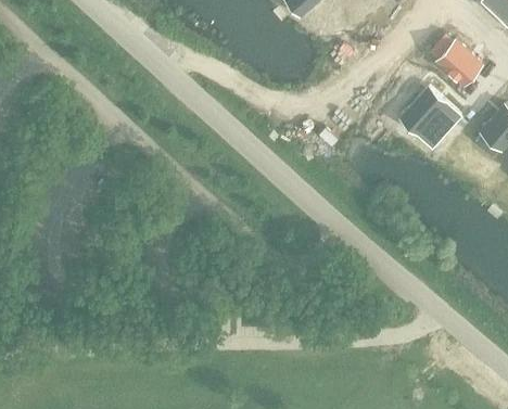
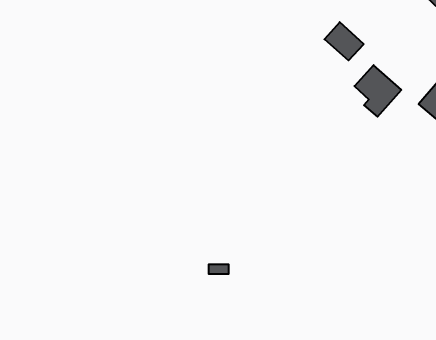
building: [436,41,481,85] -> [324,22,364,60]

